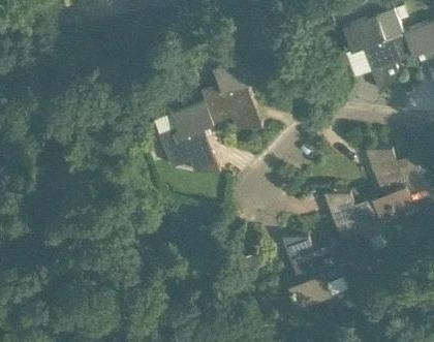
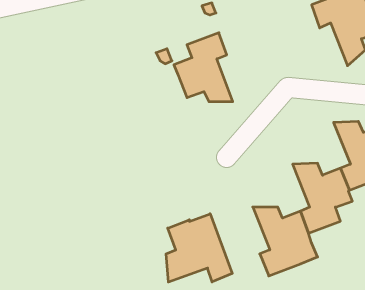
building: [154,100,220,173] -> none
building: none -> [166,214,232,282]

